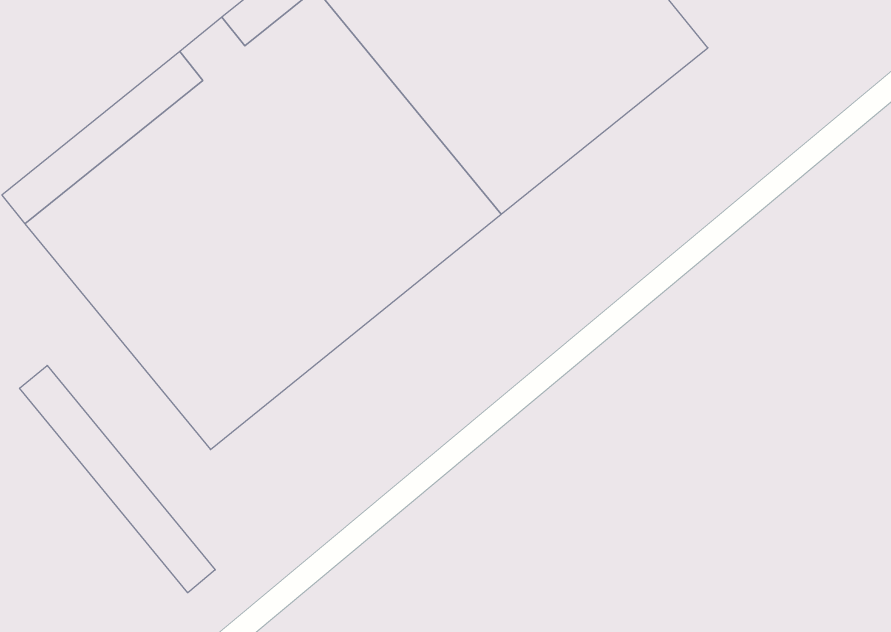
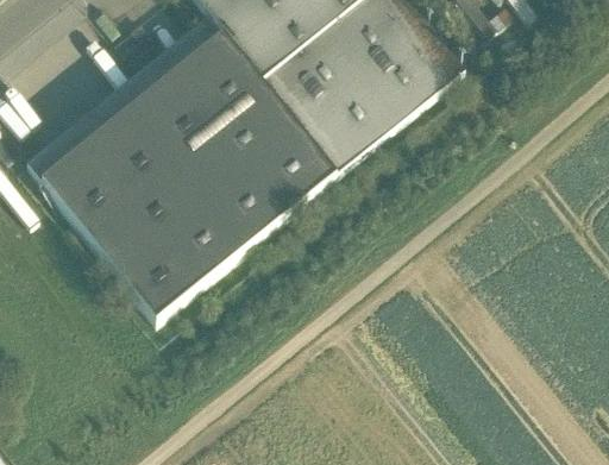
building: [20,365,215,593] -> none

